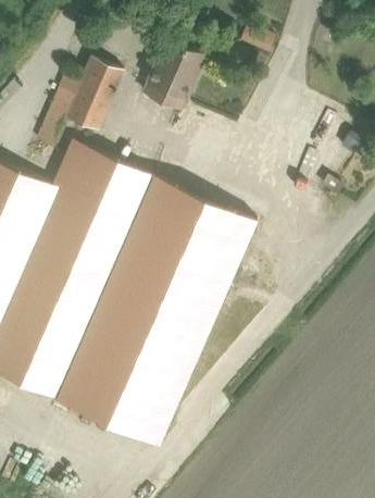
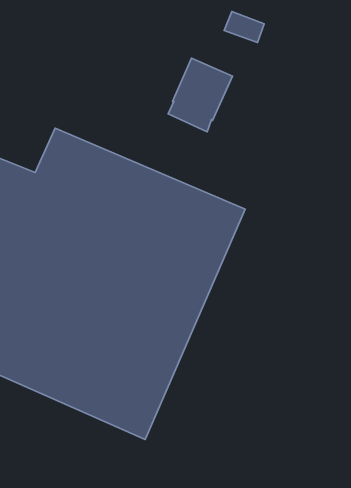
building: [140,40,203,112] -> [168,58,233,132]
building: [34,58,123,149] -> none

